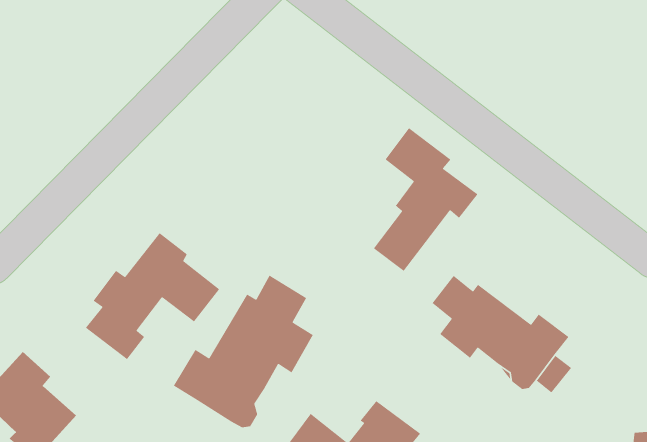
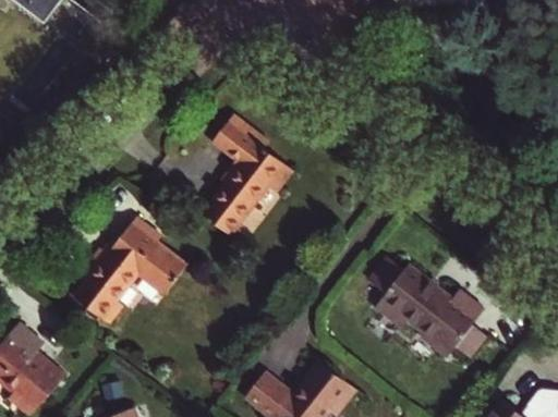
building: [373,127,479,272] -> [205,116,294,238]
building: [173,274,314,428] -> none

